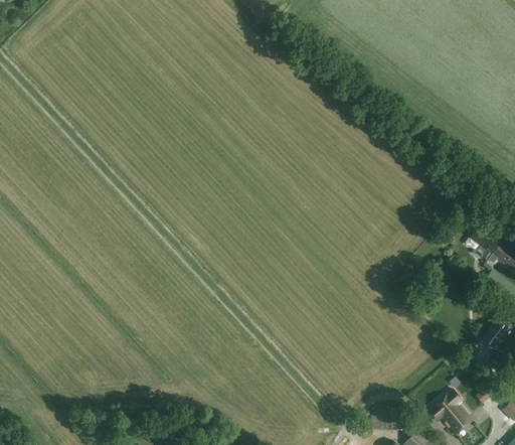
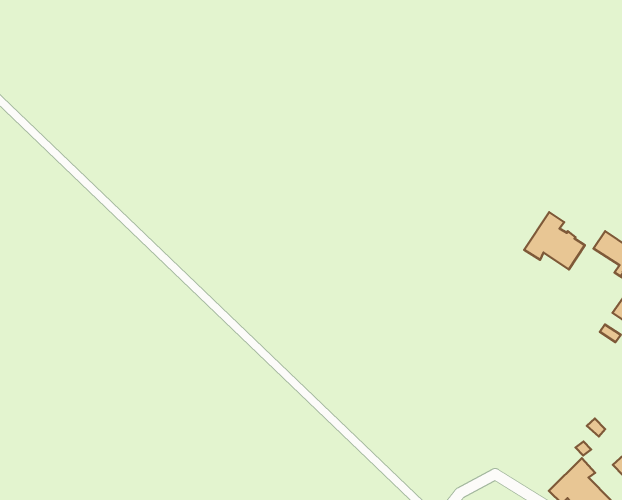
building: none -> [524,212,585,270]

